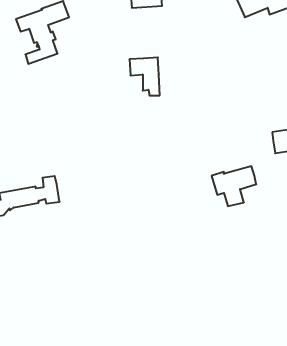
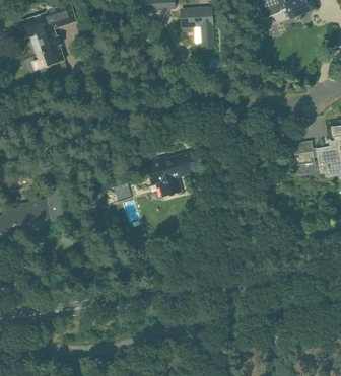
building: [129,57,160,95] -> [182,7,214,48]
building: [212,166,256,206] -> [146,152,194,195]

